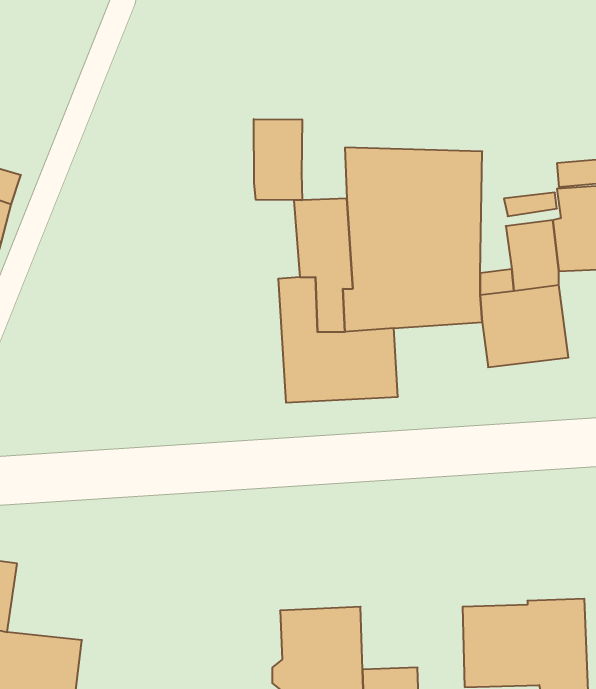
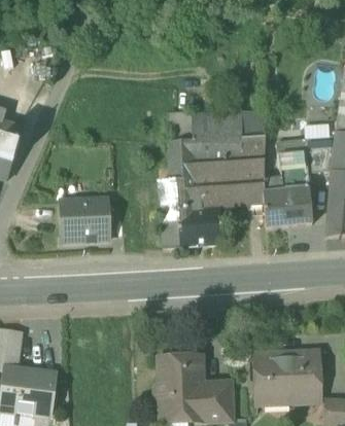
building: [254,119,302,200] -> none
building: none -> [61,197,111,240]

